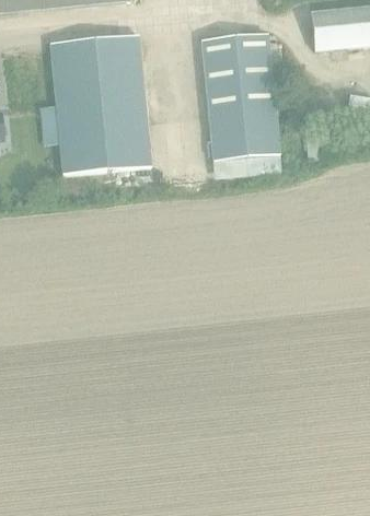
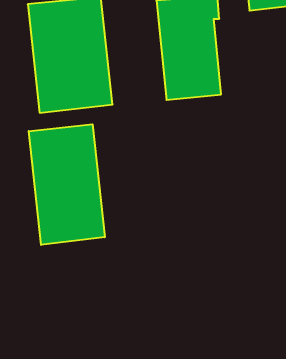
building: none -> [29,124,105,245]

